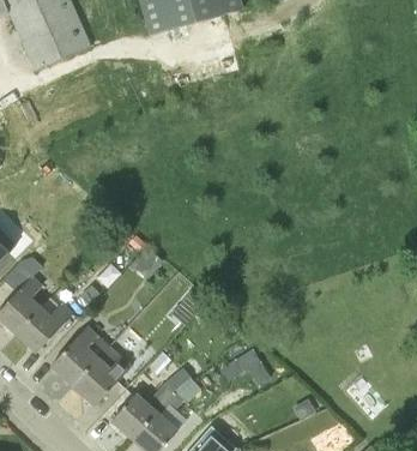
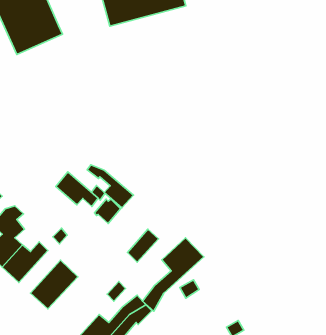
building: none -> [87,165,134,208]
building: none -> [56,172,98,206]
building: none -> [143,238,204,311]
building: [72,345,131,405] -> none

